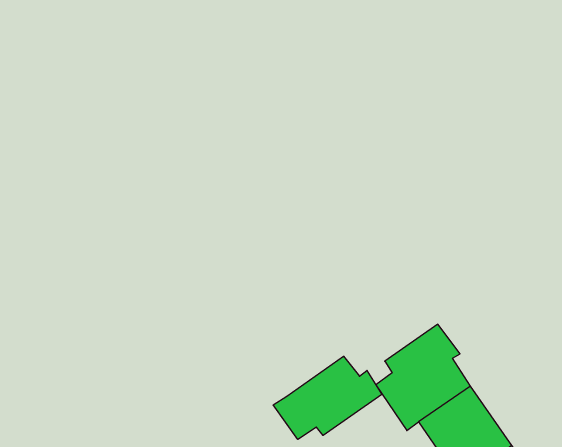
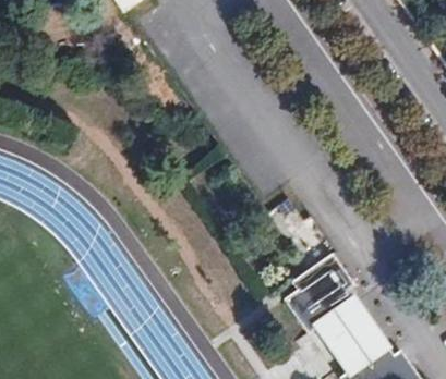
building: [273,356,382,439] -> none

